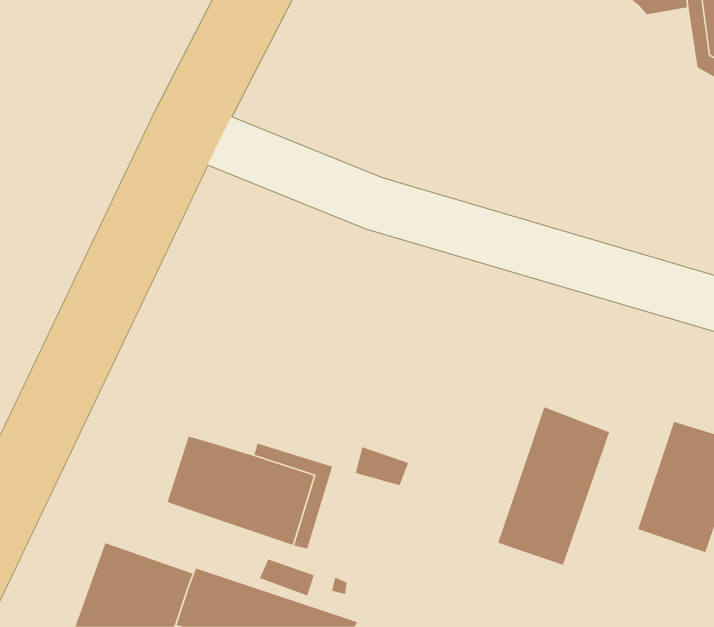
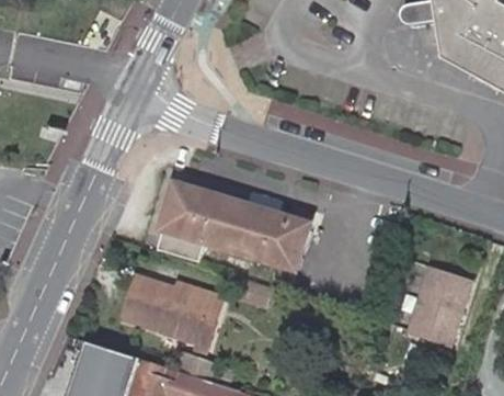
building: none -> [154,185,306,267]
building: [497,406,610,566] -> none

